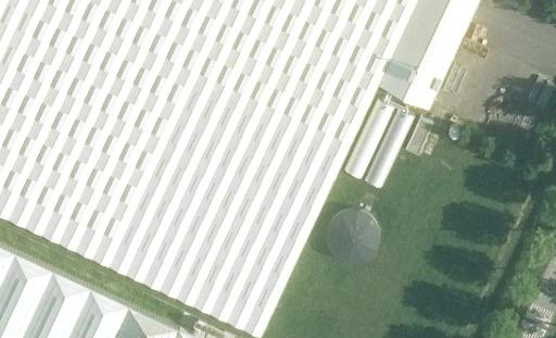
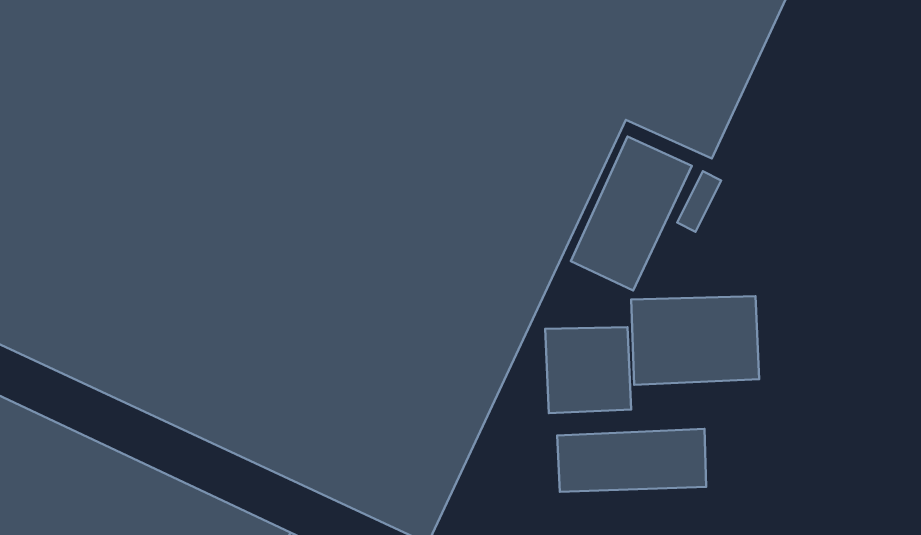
building: none -> [631,296,759,385]
building: none -> [557,429,706,492]

